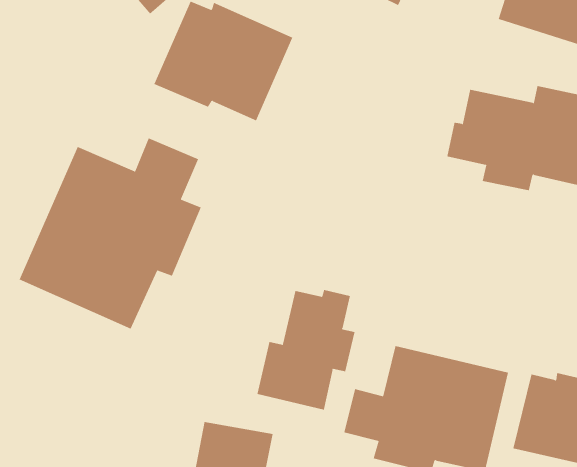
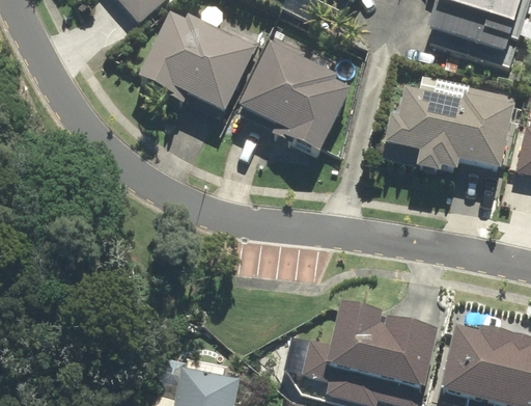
building: none -> [239,36,351,155]
building: [19,137,202,329] -> none
building: [257,289,355,410] -> none

